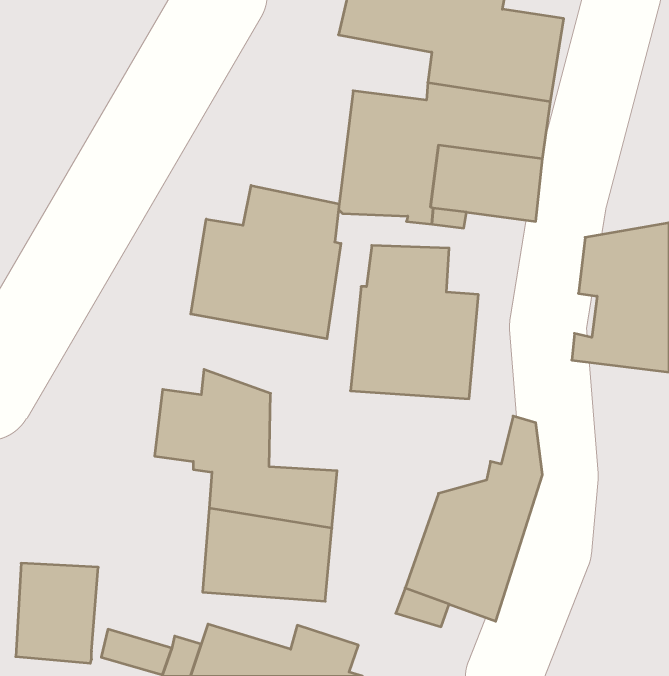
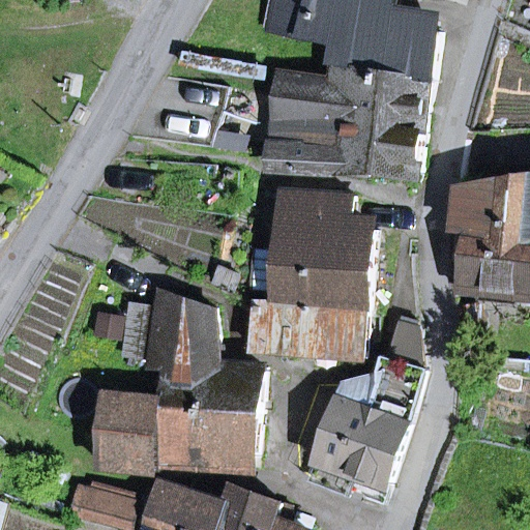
building: [191,185,341,339] -> none
building: none -> [248,302,364,356]
building: [16,563,98,663] -> [98,391,163,469]

